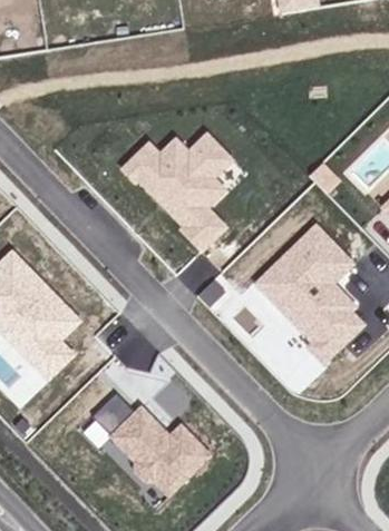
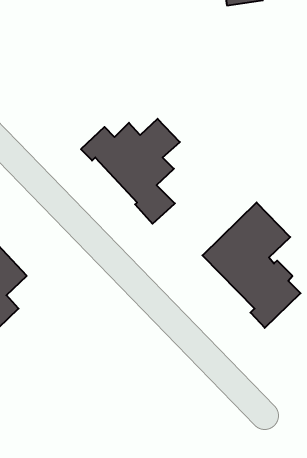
building: [90,393,206,494] -> none

